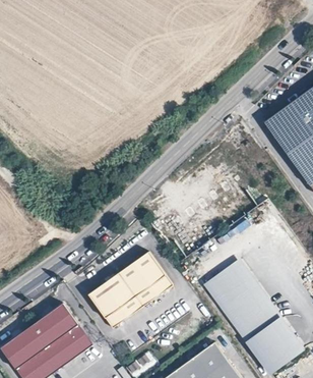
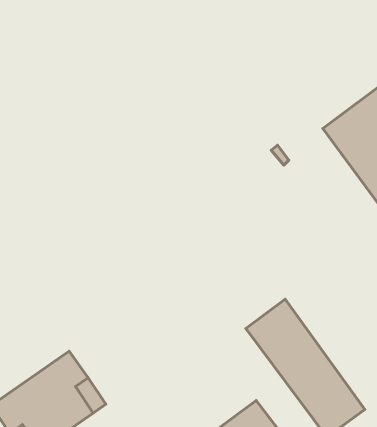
building: [88,252,173,329] -> none

